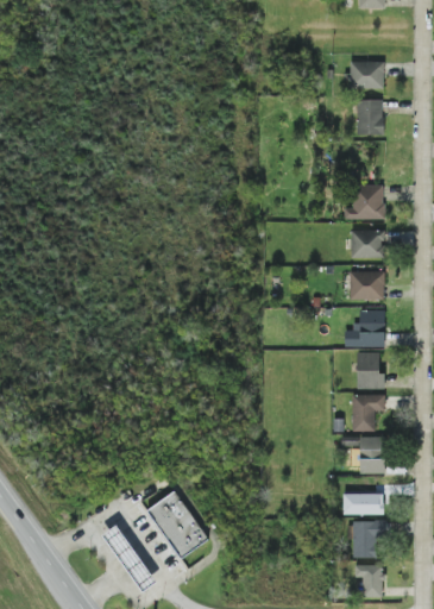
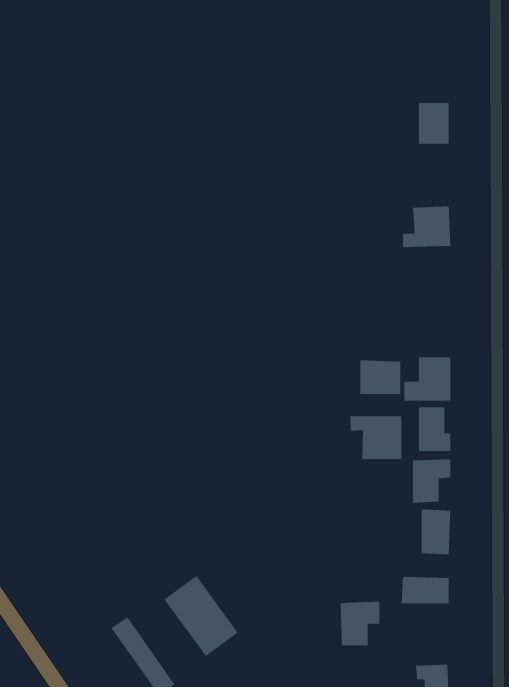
building: [350,61,384,88] -> none
building: [351,230,384,258] -> none
building: [350,270,384,299] -> [360,360,401,394]
building: none -> [350,416,402,460]
building: [352,520,385,557] -> [340,601,380,646]

